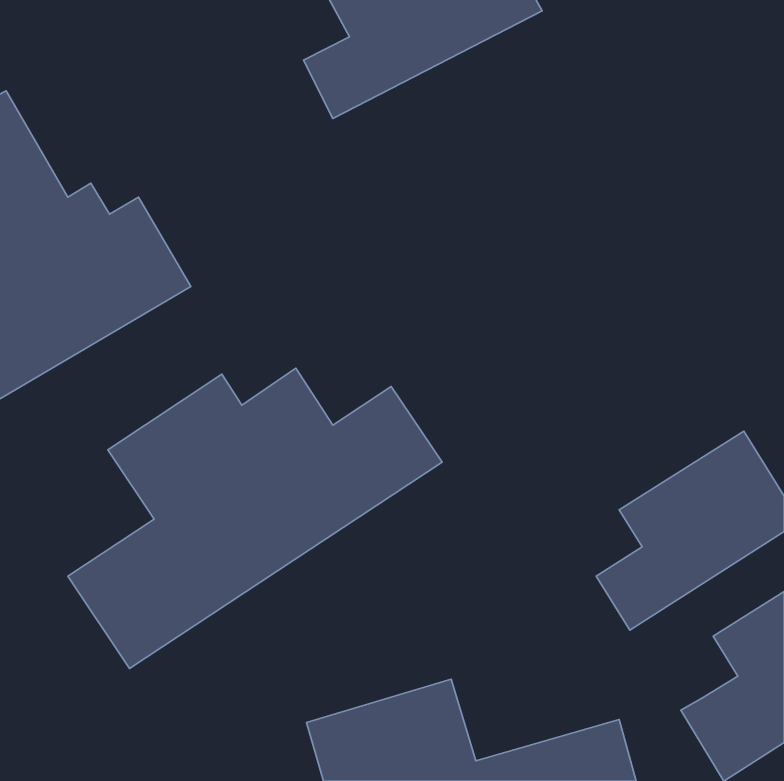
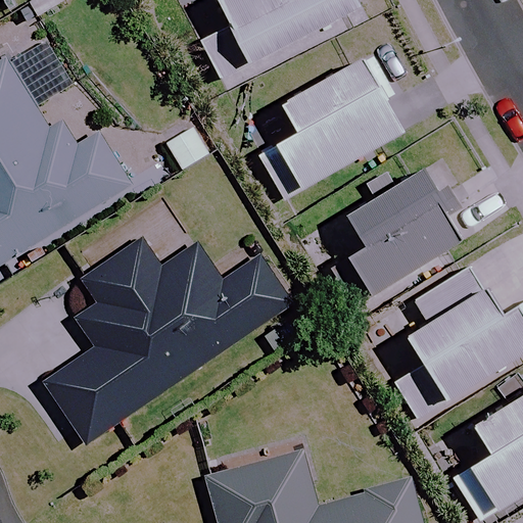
building: none -> [270,46,415,197]
building: none -> [327,172,462,308]

